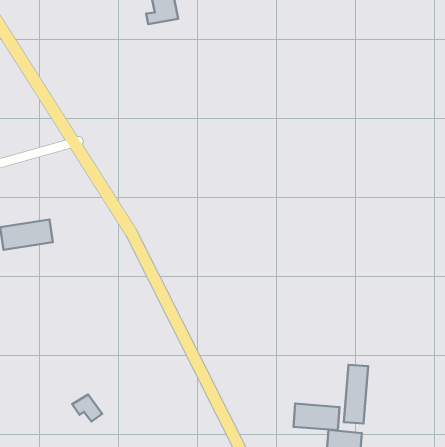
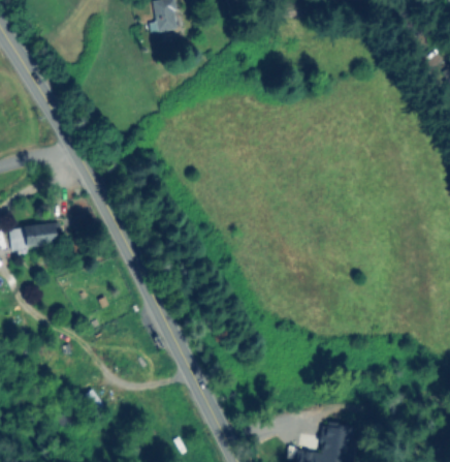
building: [344,365,368,424] -> none
building: [294,404,340,430] -> none

